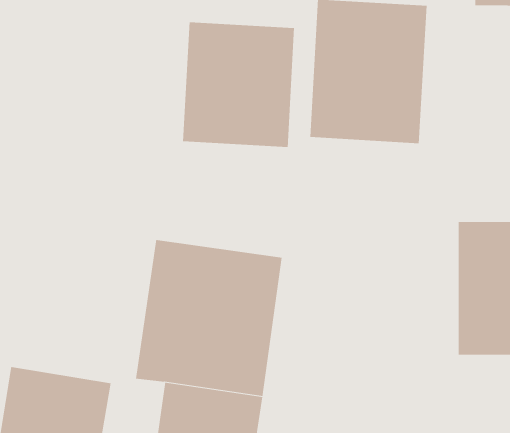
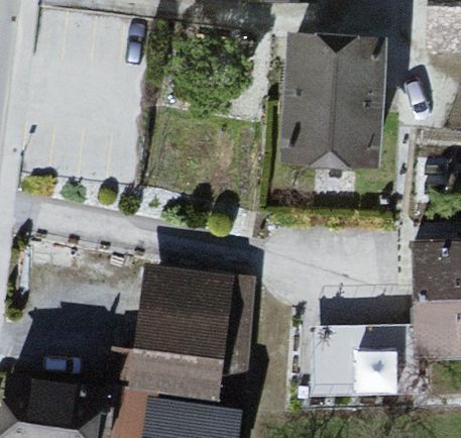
building: [183,21,295,148] -> none
building: none -> [314,325,396,385]

